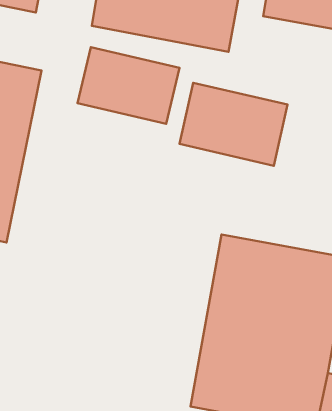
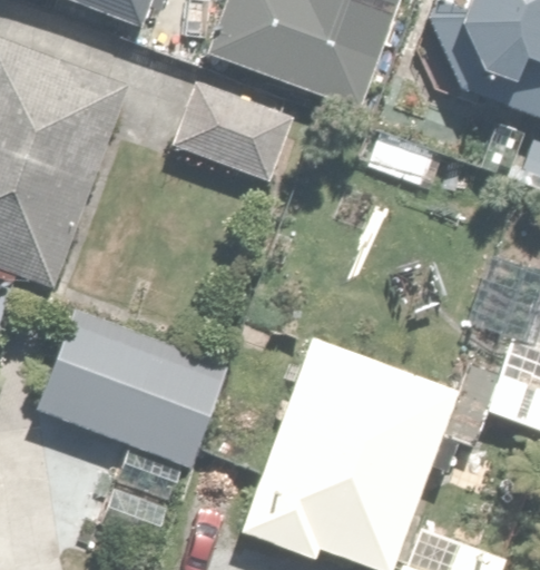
building: [179,83,287,166] -> none
building: none -> [37,309,222,465]

